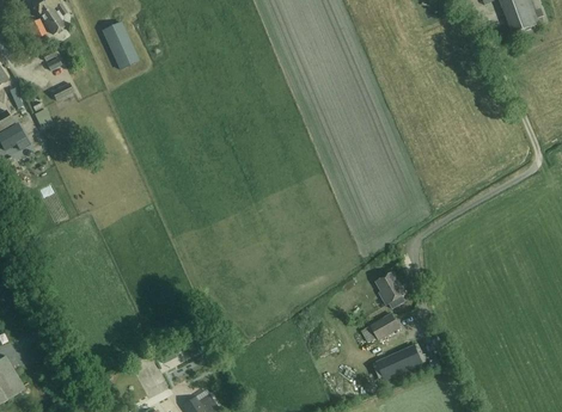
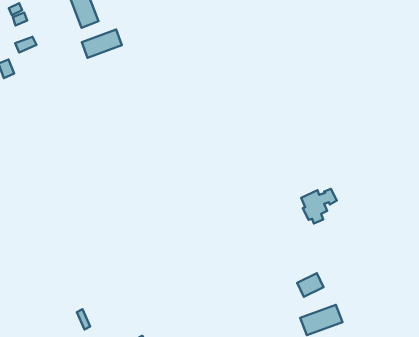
building: none -> [82,29,122,58]
building: [377,270,415,308] -> [301,189,337,223]

